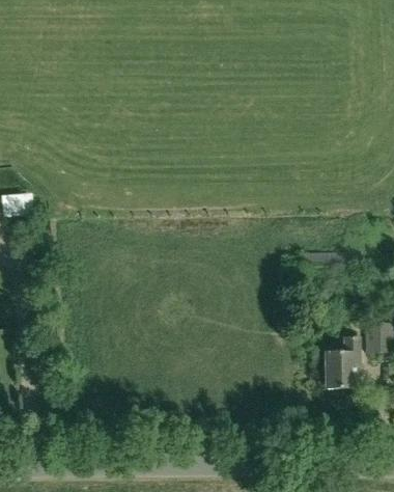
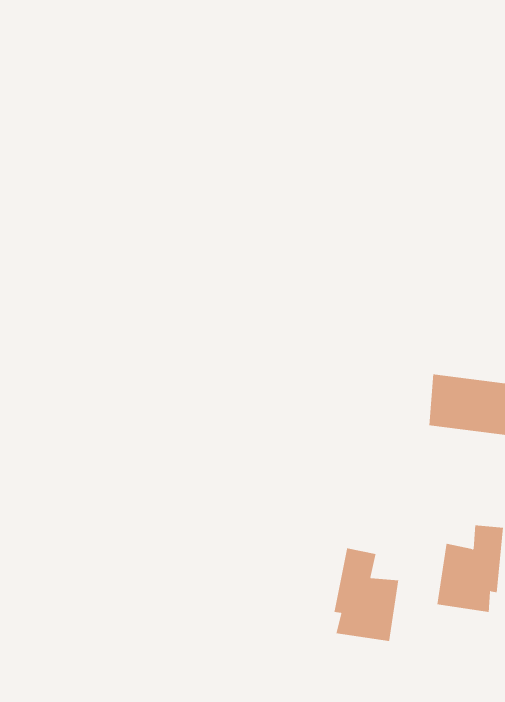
building: none -> [334,548,399,642]

